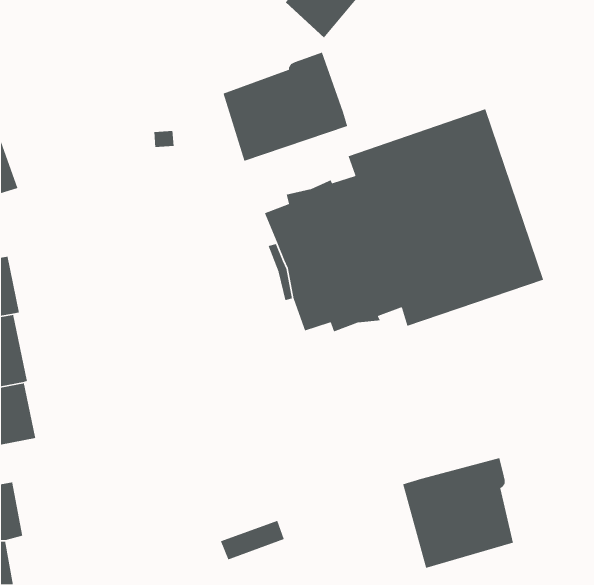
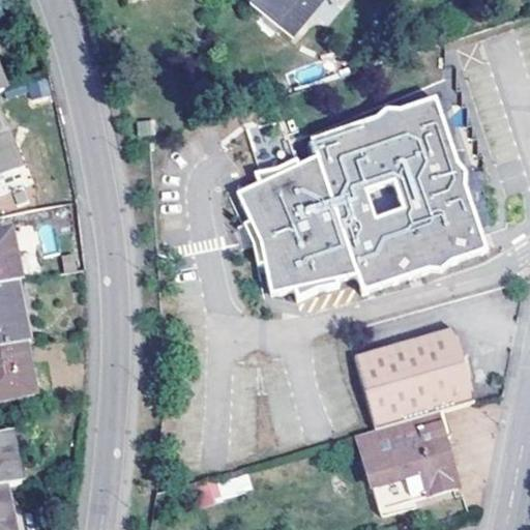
building: [222,52,348,162] -> none
building: none -> [353,323,472,425]

